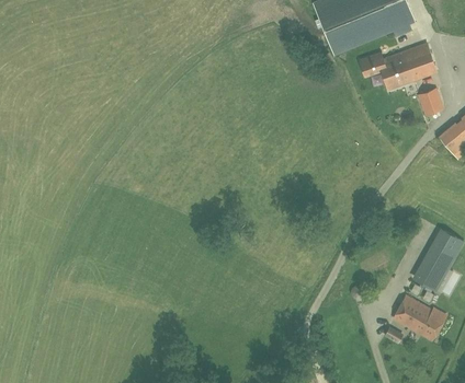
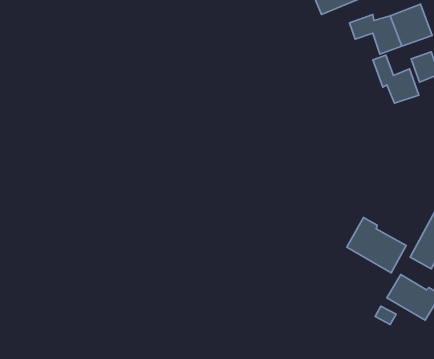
building: none -> [373,55,419,103]
building: none -> [347,217,406,273]

